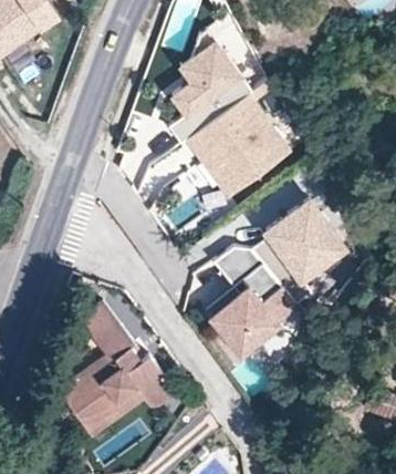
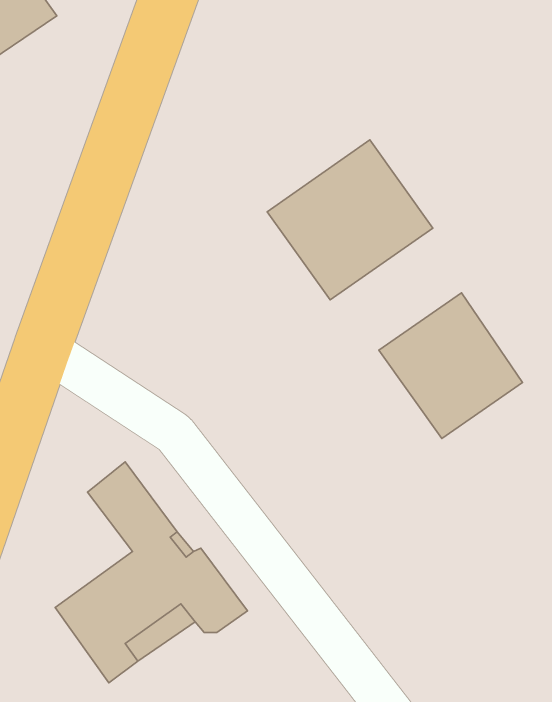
building: [169,48,252,150] -> none
building: [188,249,302,364] -> none

